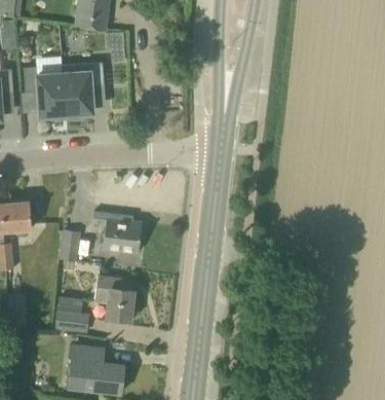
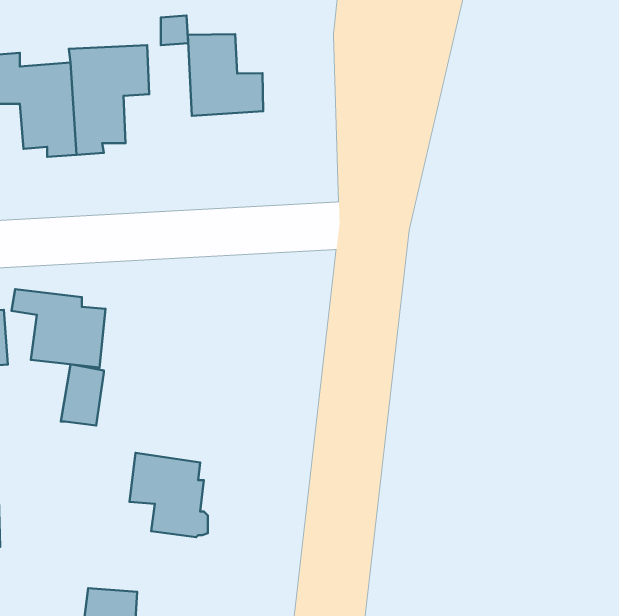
building: none -> [188,34,263,116]
building: [91,212,141,253] -> [11,289,105,368]
building: [54,296,88,333] -> none

